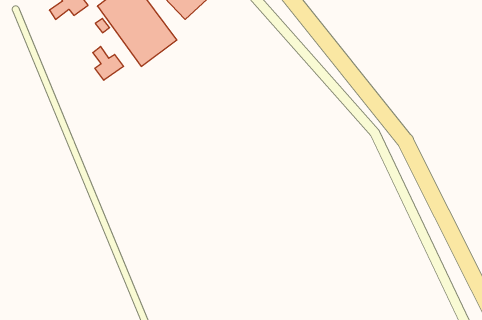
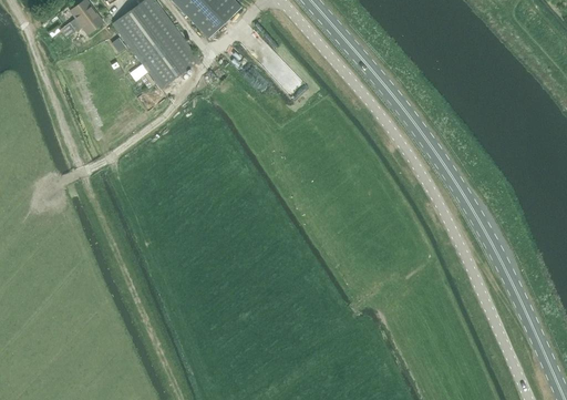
building: [93,46,124,80] -> none

